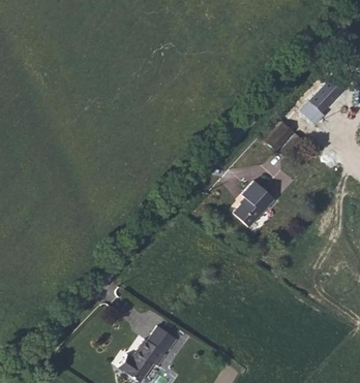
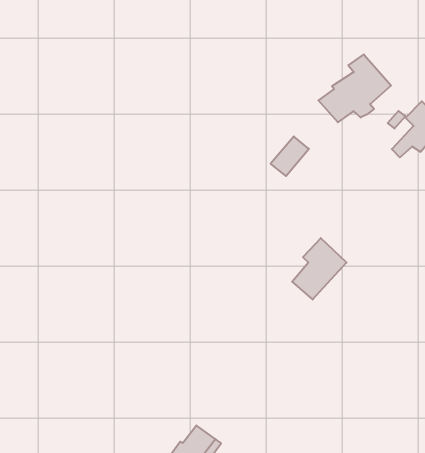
building: none -> [318,54,391,122]
building: [265,120,294,150] -> [271,136,309,176]

